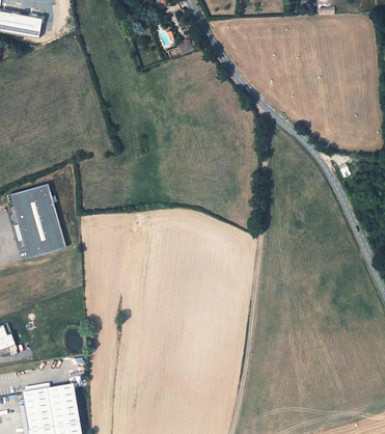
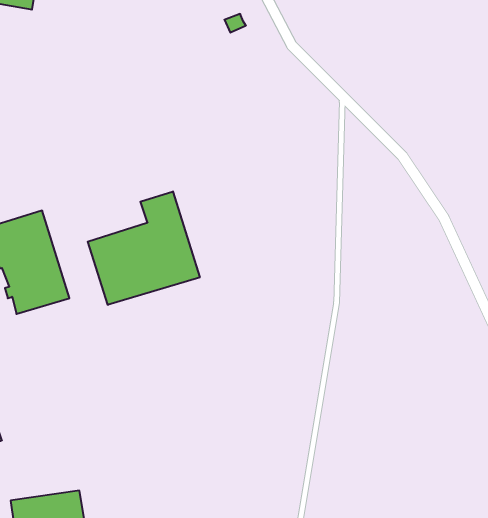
building: none -> [88,191,200,305]

